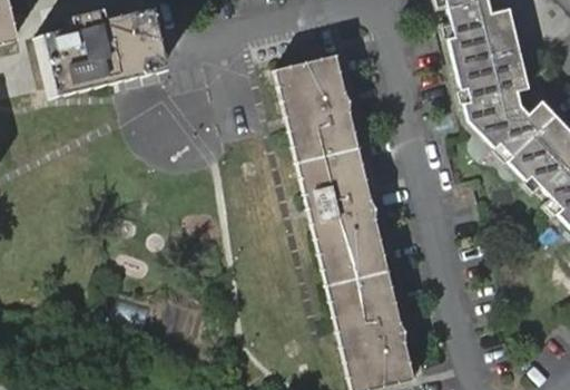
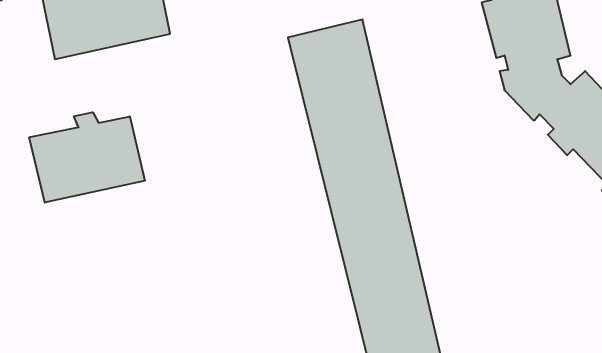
building: none -> [29,112,145,203]

